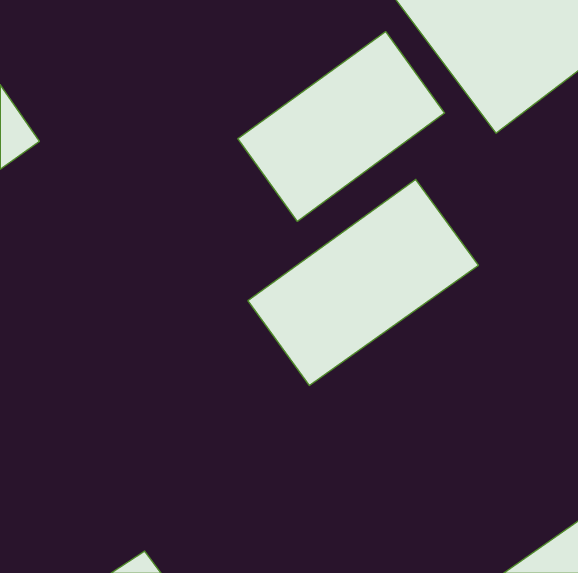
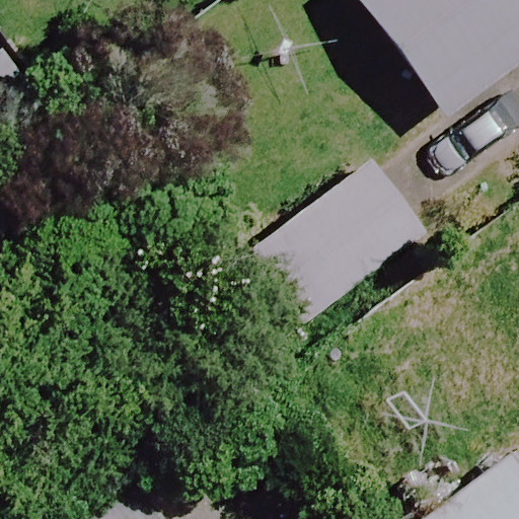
building: [238,32,445,221] -> none

